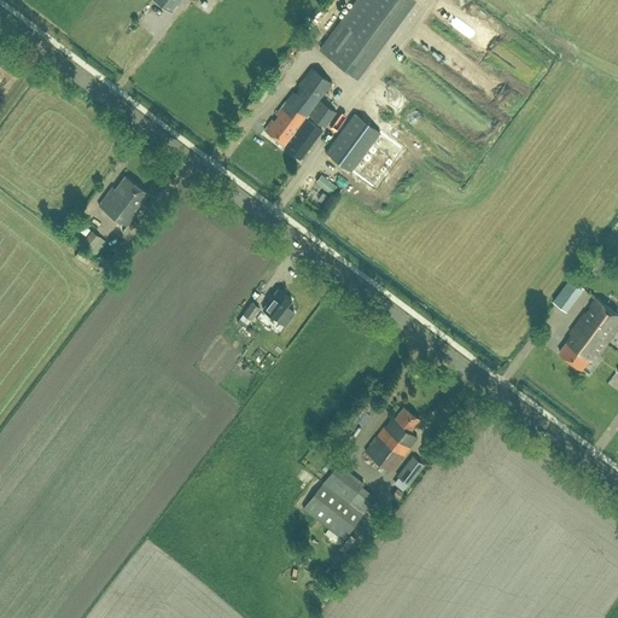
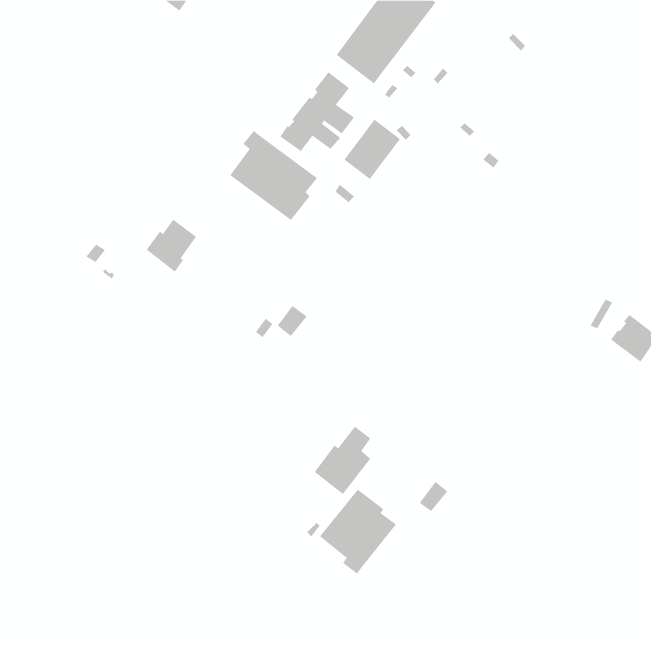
building: none -> [230,130,318,221]
building: [99,176,147,227] -> [146,219,197,273]
building: [560,322,607,369] -> none
building: [362,406,416,471] -> [314,426,371,495]

